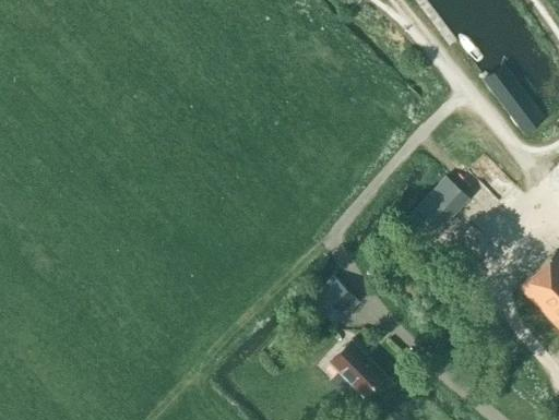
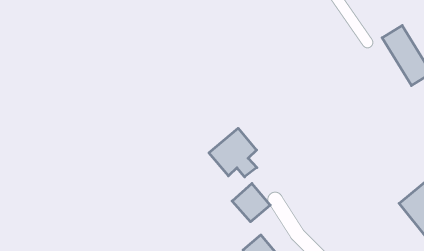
building: [405,176,472,244] -> none
building: none -> [209,128,257,177]

